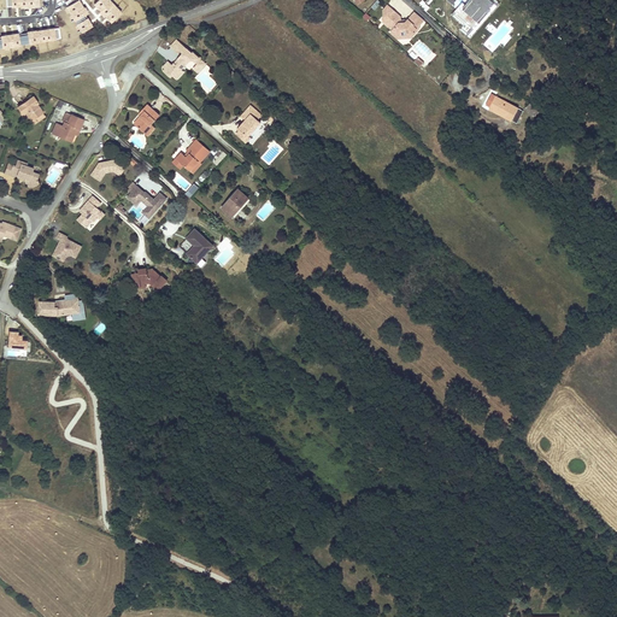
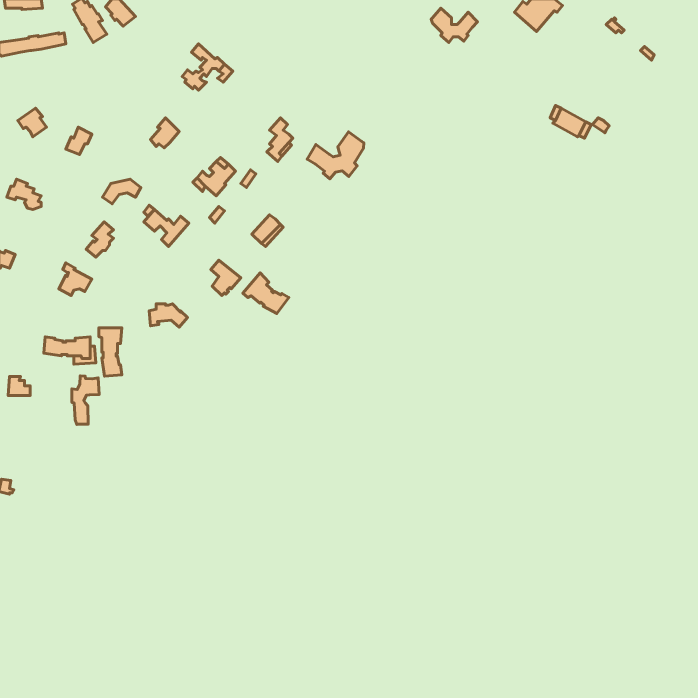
building: none -> [307,132,364,179]
building: none -> [243,273,289,313]
building: none -> [99,328,122,376]
building: none -> [72,376,99,425]

